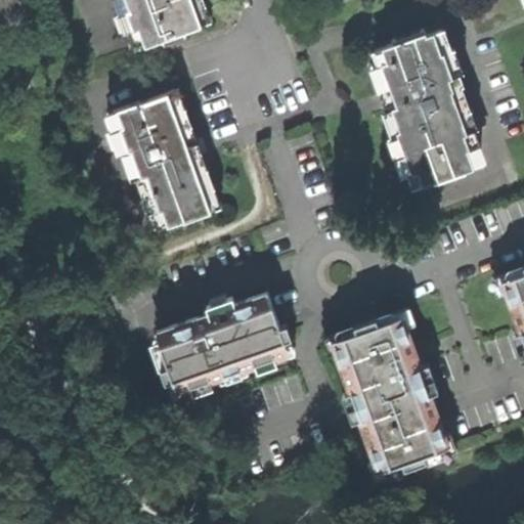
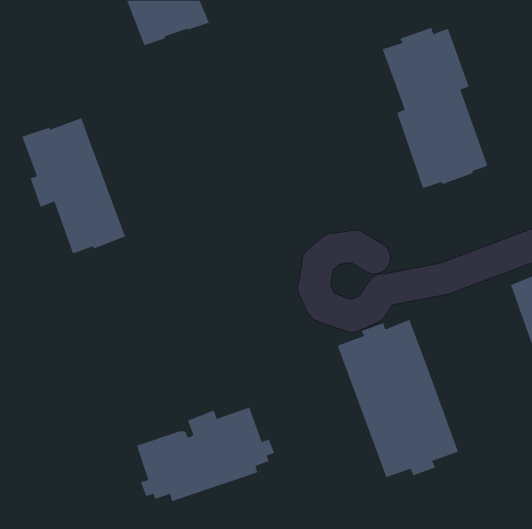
building: [115,94,217,228] -> [21,118,126,254]
building: [157,295,293,388] -> [136,407,275,502]

